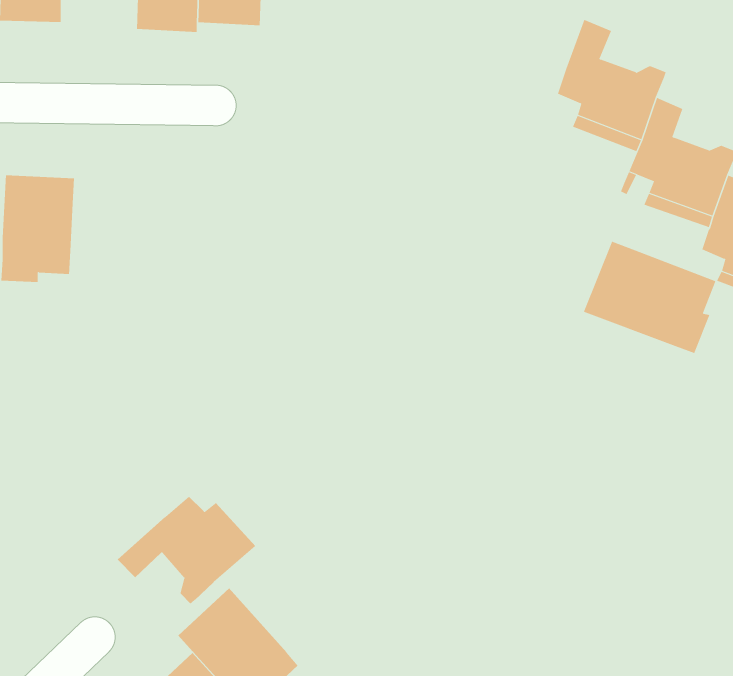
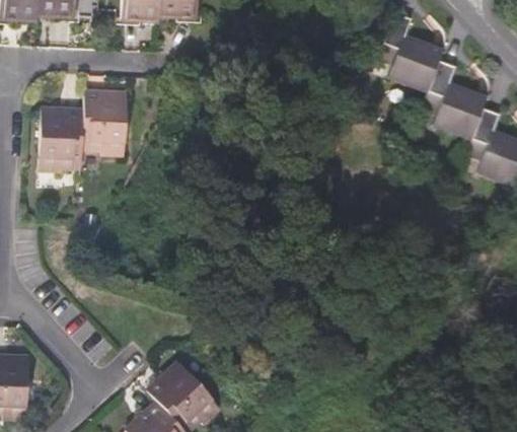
building: none -> [81,90,127,155]
building: [583,241,716,354] -> none
building: [117,496,256,605] -> none

